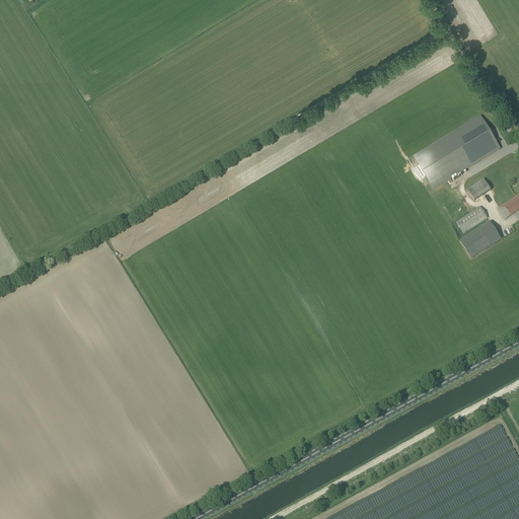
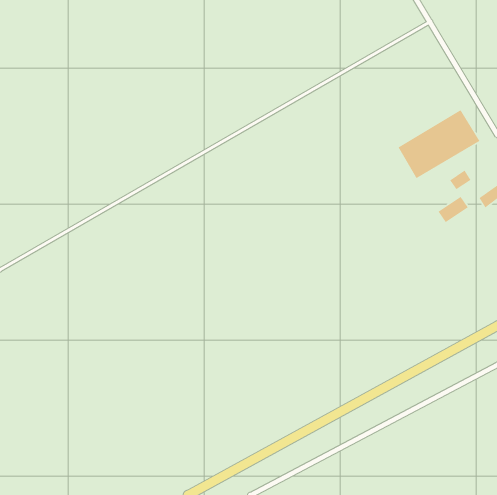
building: [461,219,502,255] -> none

